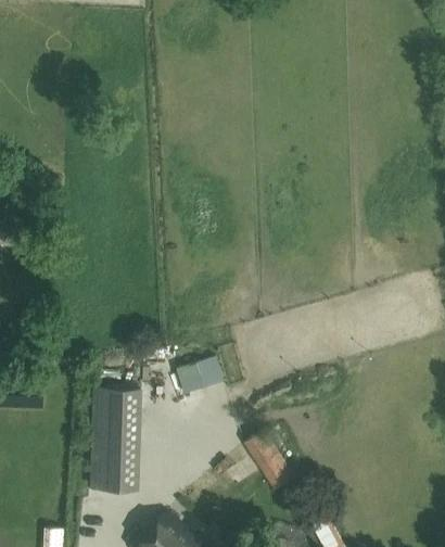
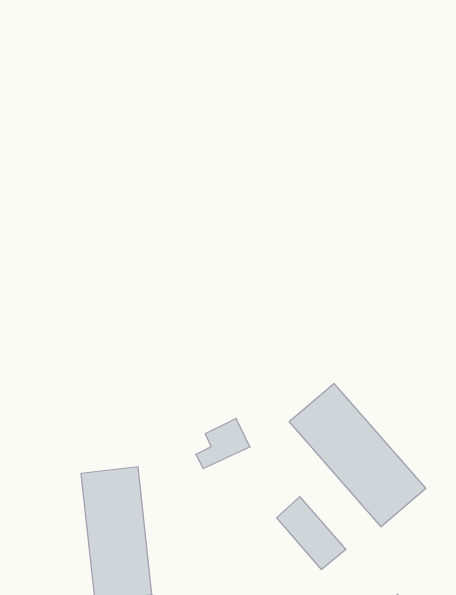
building: none -> [289,383,426,527]

